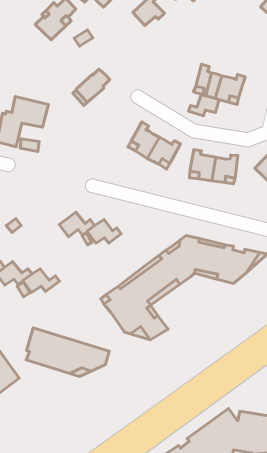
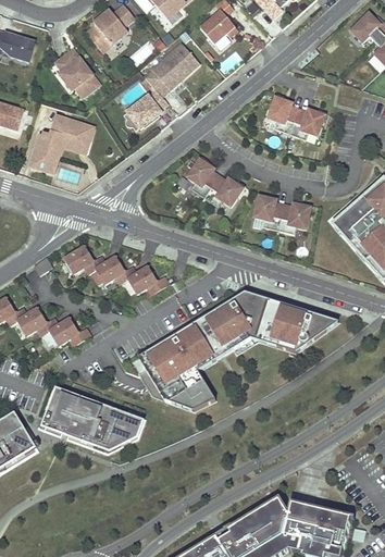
building: none -> [144,42,199,96]
building: none -> [55,49,98,96]
building: [189,95,219,116] -> none
building: none -> [63,245,104,272]

